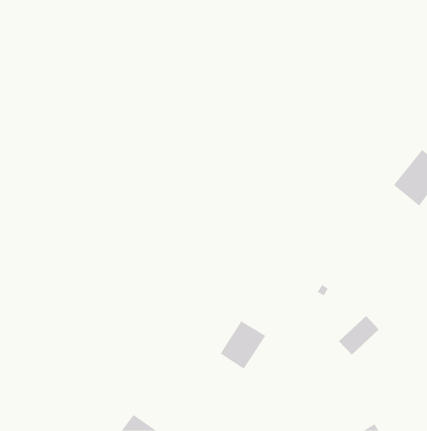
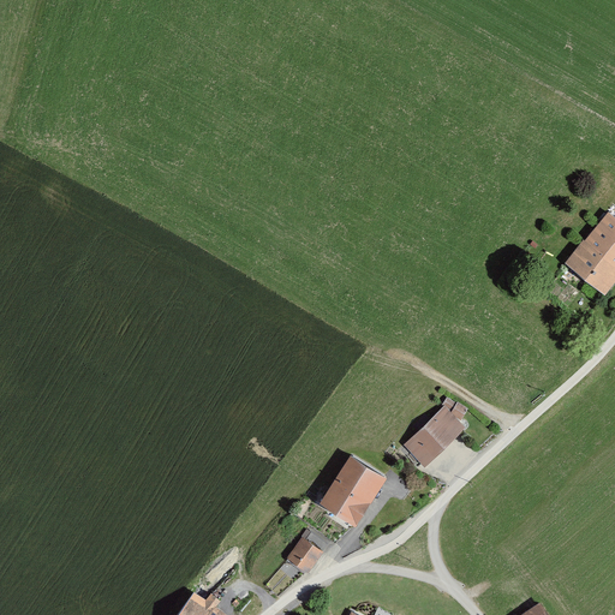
building: [338,315,380,356] -> [405,408,464,466]
building: none -> [285,538,322,575]

